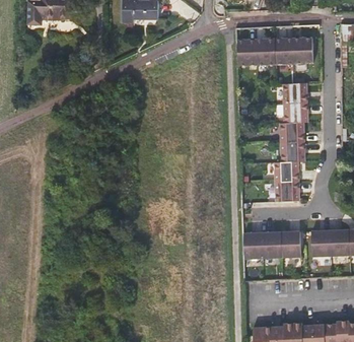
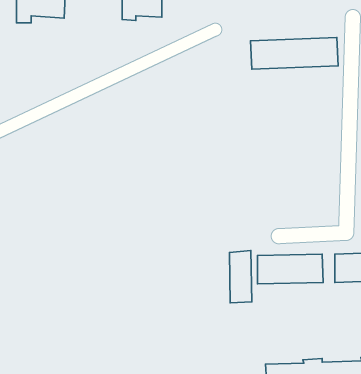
building: [276,83,309,199] -> none
building: none -> [229,250,252,303]

